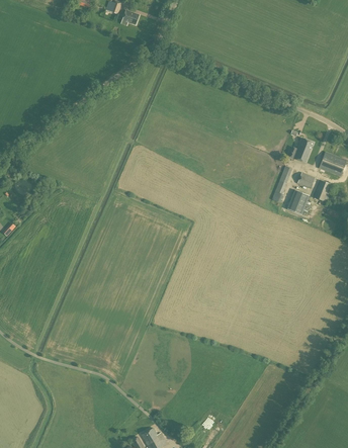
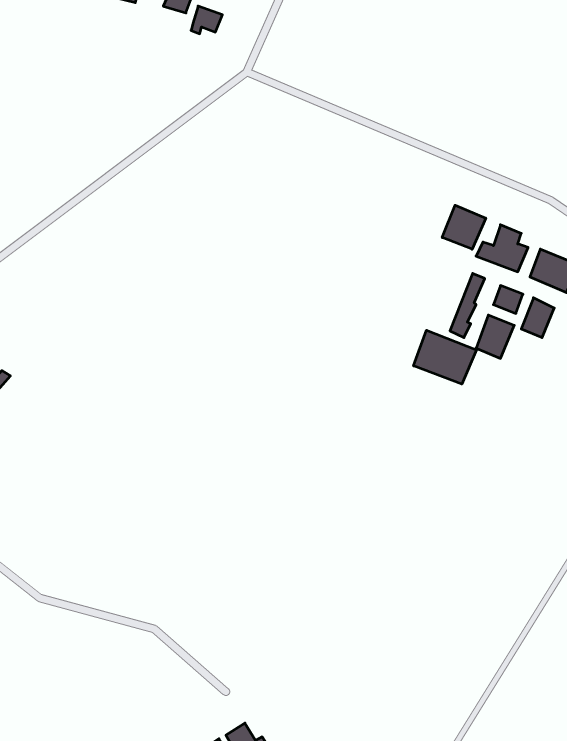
building: none -> [442,205,486,249]
building: none -> [414,330,477,384]

